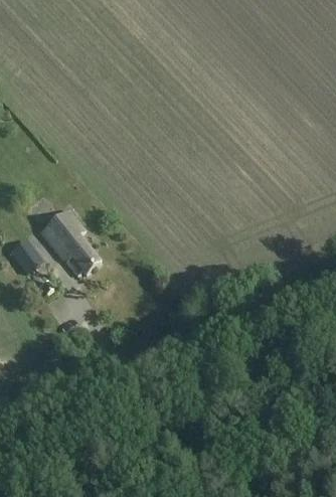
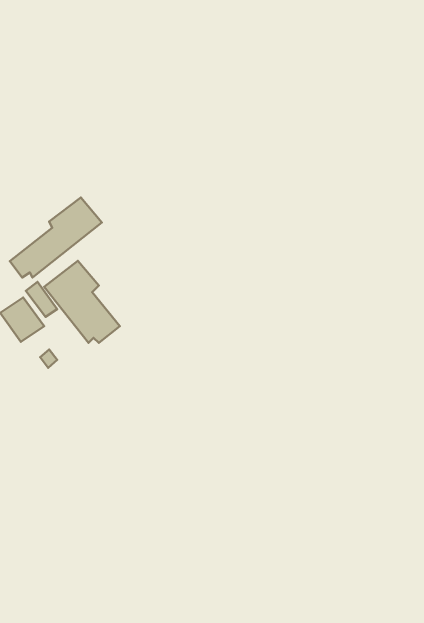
building: none -> [10,197,102,278]

